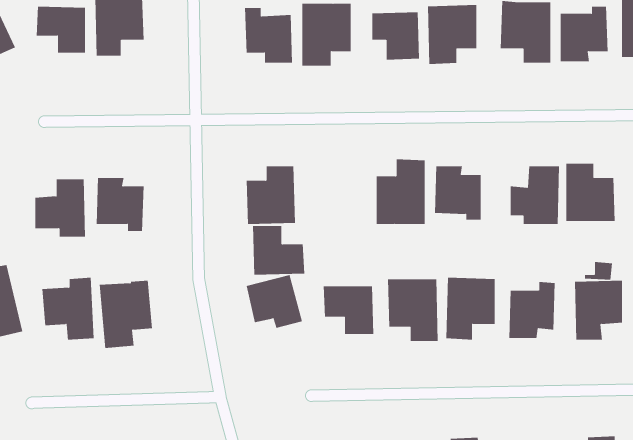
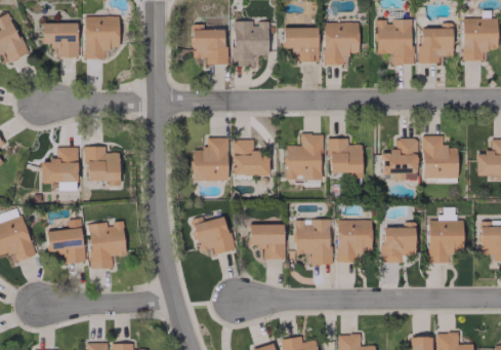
building: [252,225,305,275] -> [232,139,269,174]

